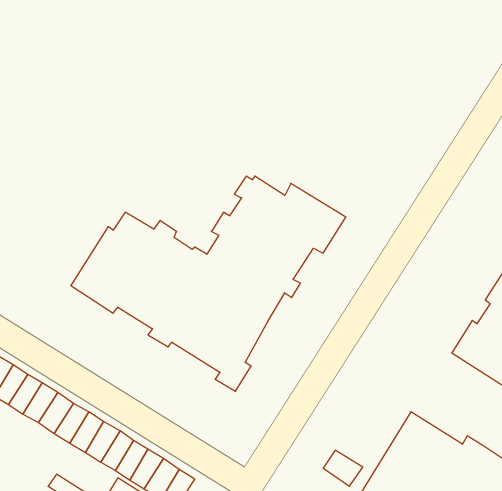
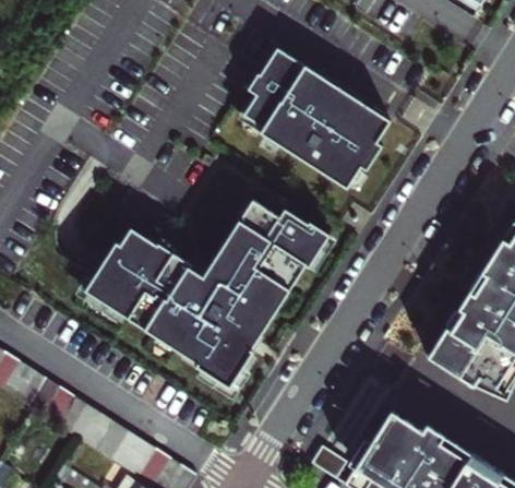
building: none -> [240,48,391,189]

